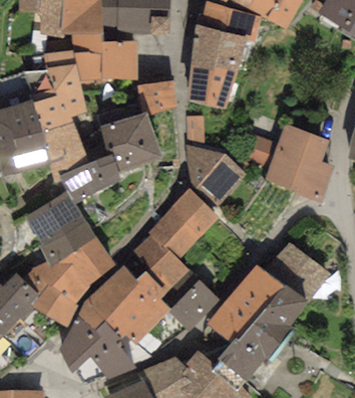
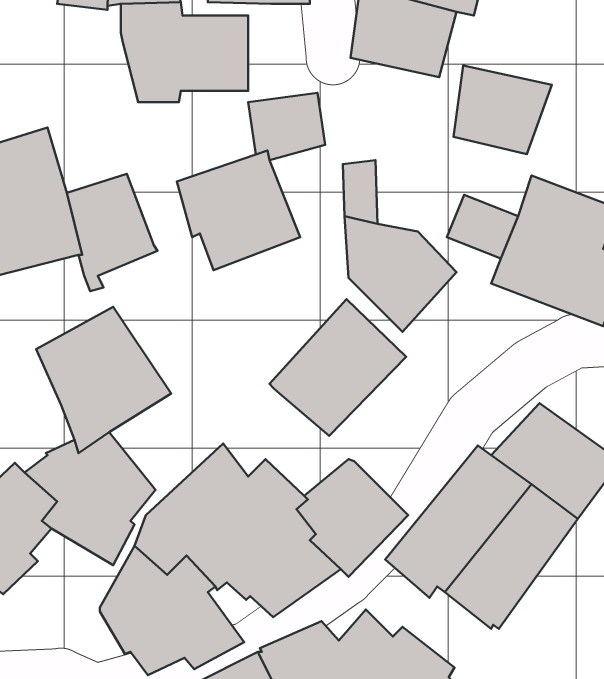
building: [23,48,86,132] -> none
building: [185,61,236,108] -> [453,65,552,154]
building: [58,153,120,203] -> none
building: [123,233,189,289] -> none
building: [64,236,114,286] -> none
building: [217,337,263,381] -> none

